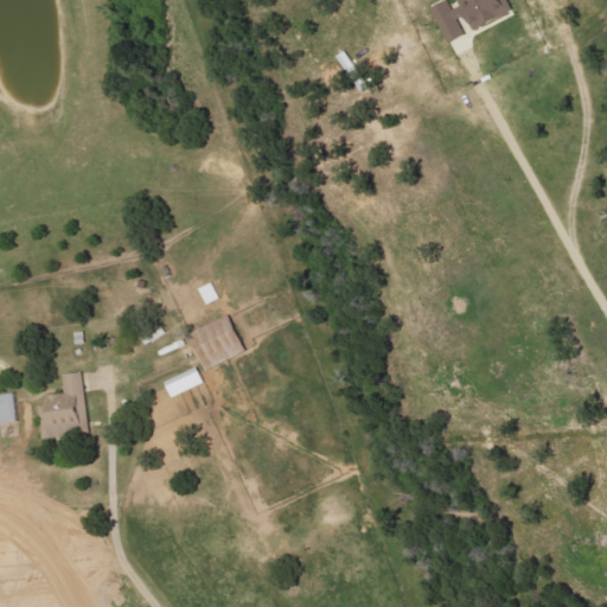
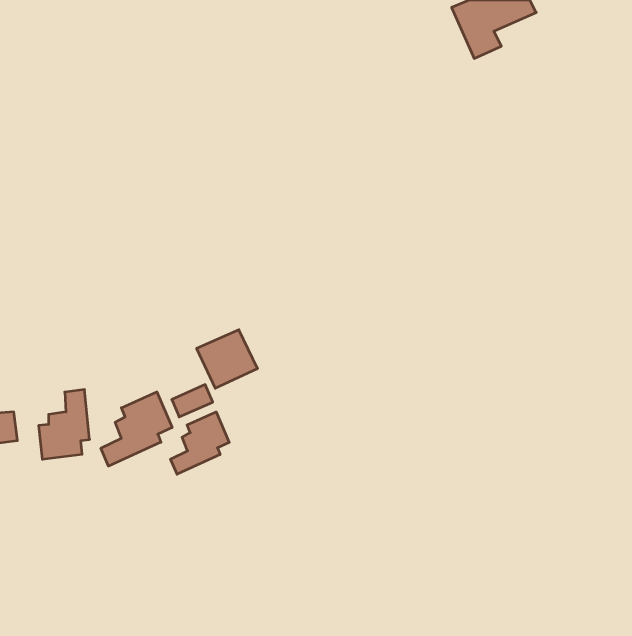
building: none -> [101,392,172,466]
building: none -> [171,412,229,474]

